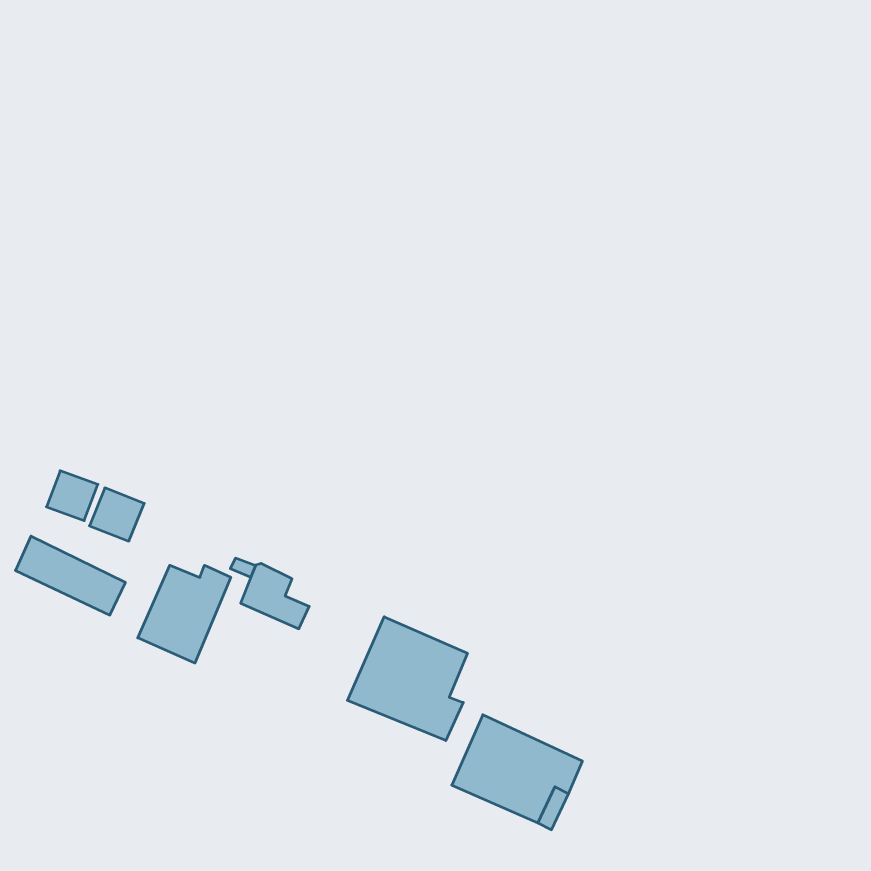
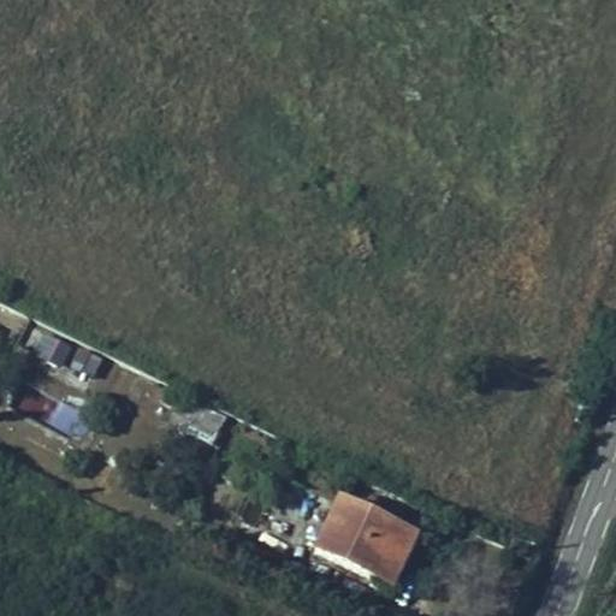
building: [138,565,231,663] -> none
building: [347,617,467,741] -> none

